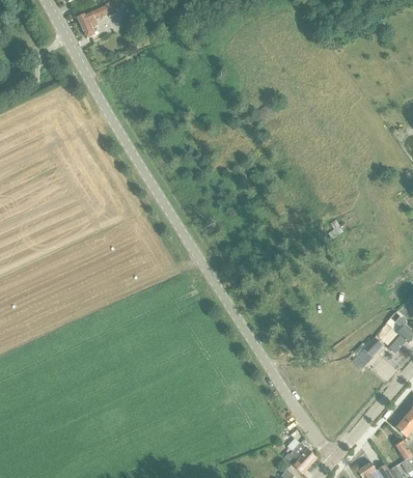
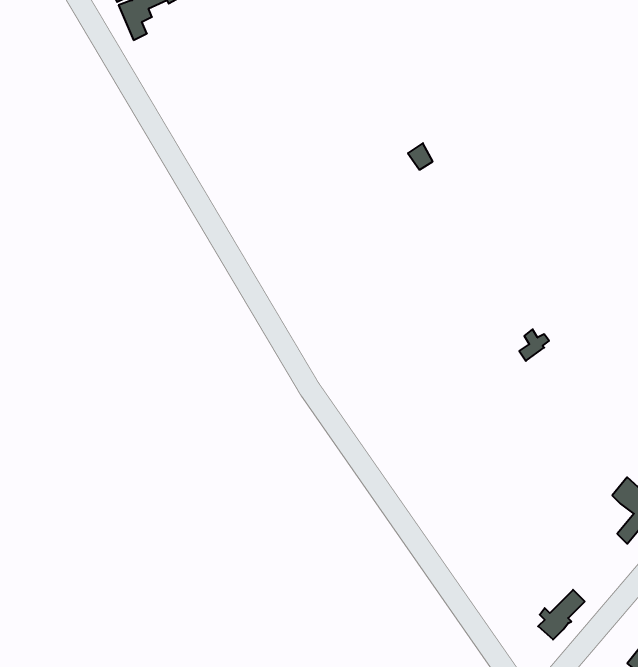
building: [352,337,381,368] -> [538,590,585,640]

